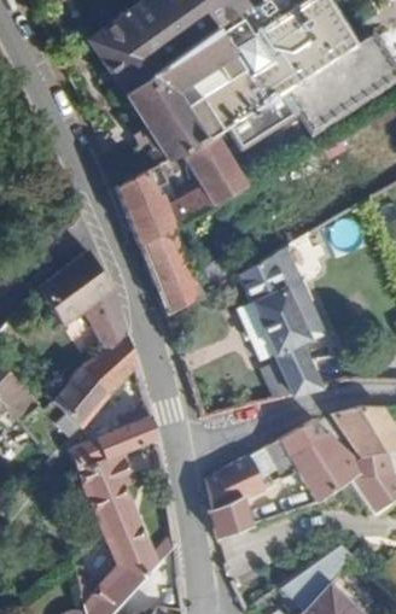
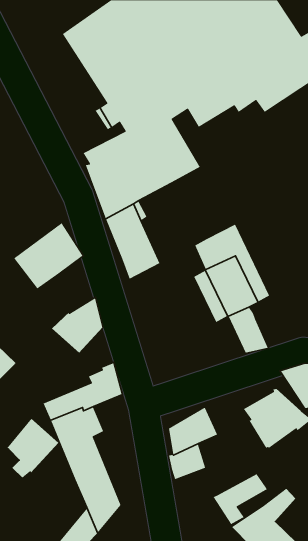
building: [88,287,129,351] -> none
building: [52,368,111,435] -> [6,418,59,479]
building: [266,420,327,478] -> [212,473,268,525]

